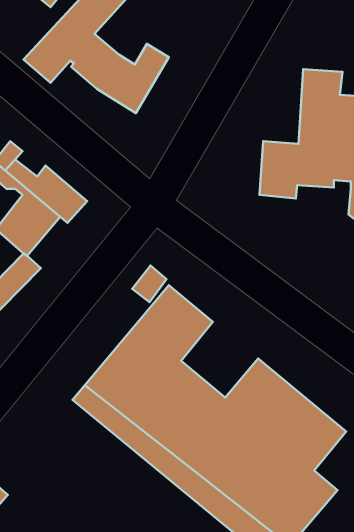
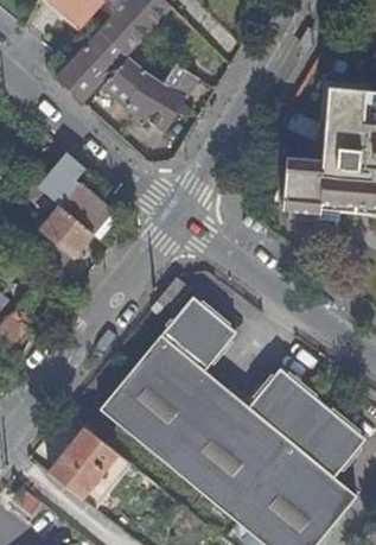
building: none -> [50,429,117,498]

